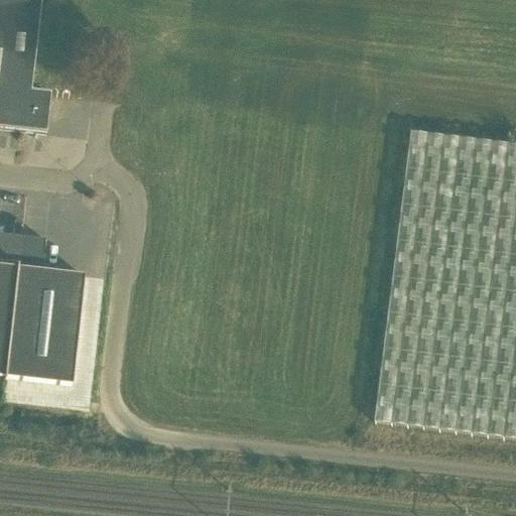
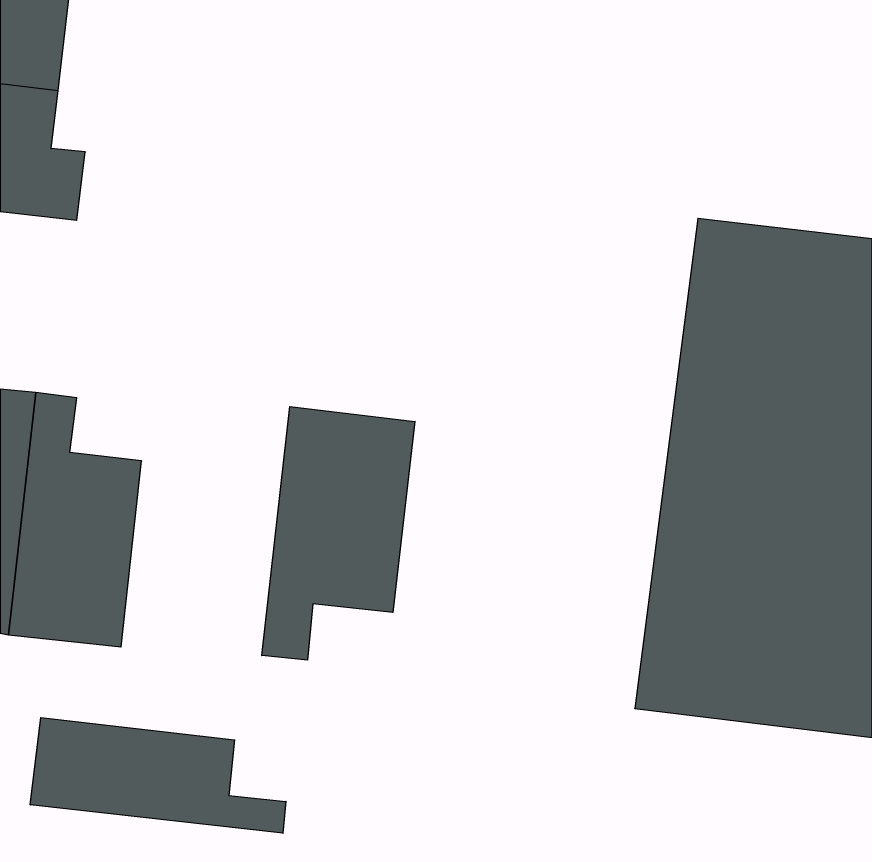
building: none -> [262,407,415,660]
building: none -> [30,718,286,833]

